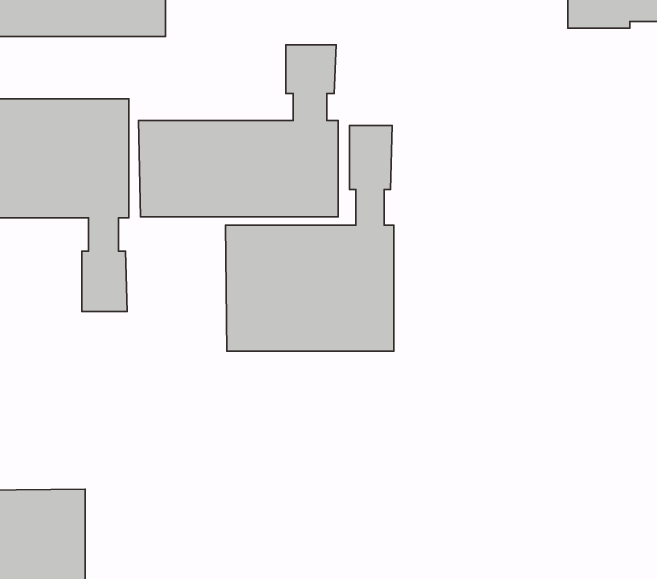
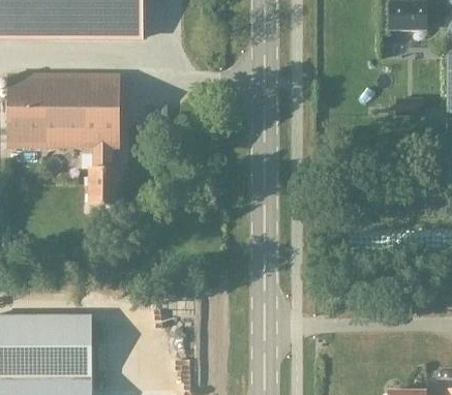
building: [139,45,338,217] -> none
building: [225,126,394,351] -> none

